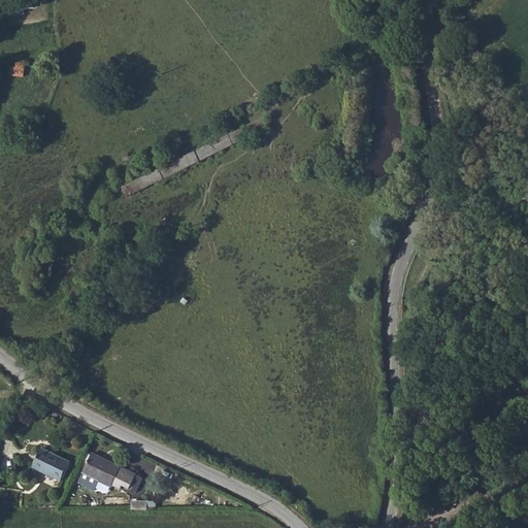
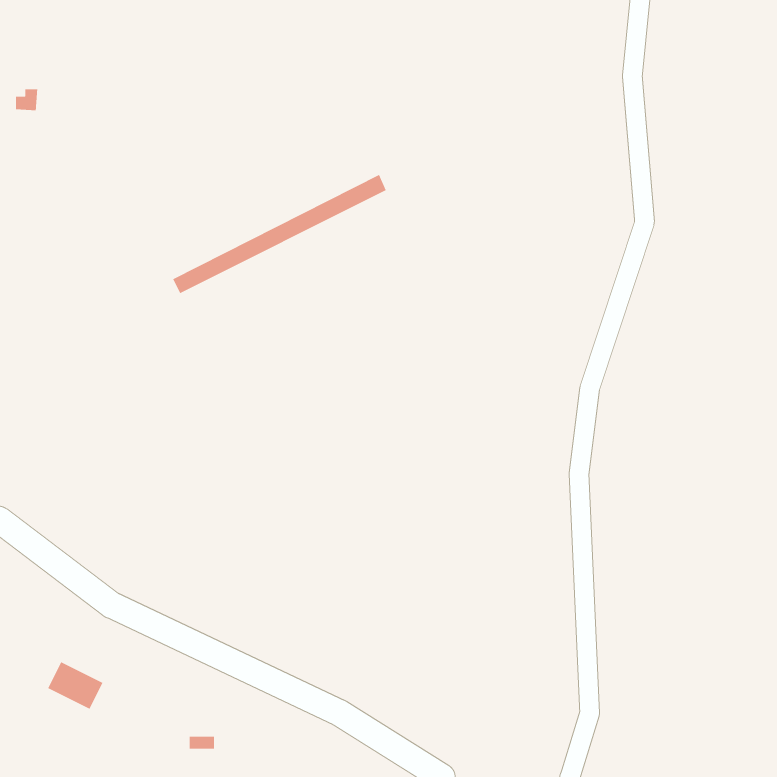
building: [81,453,134,489] -> none

